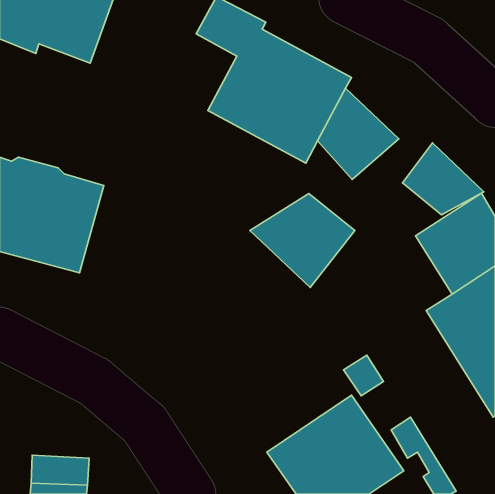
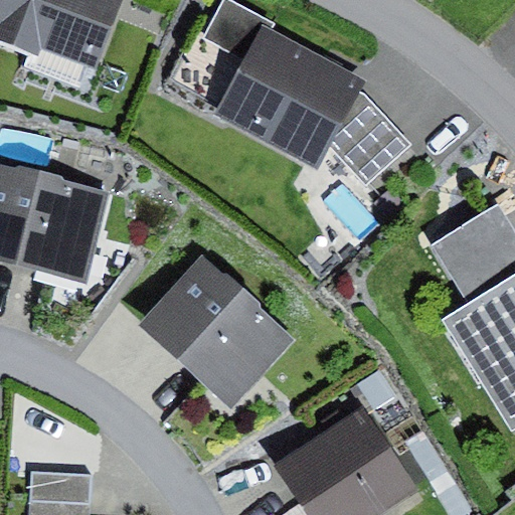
building: [403,143,484,215] -> none
building: [250,194,355,287] -> none
building: none -> [140,254,295,407]

